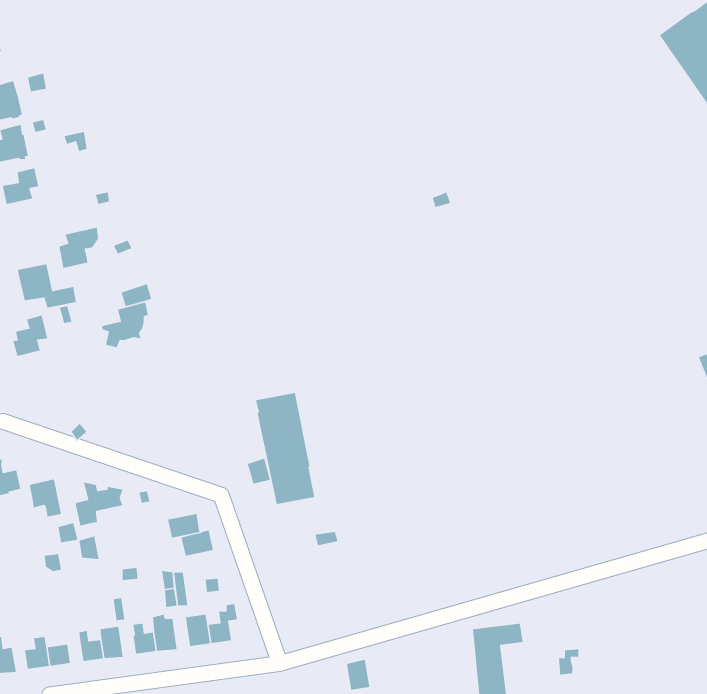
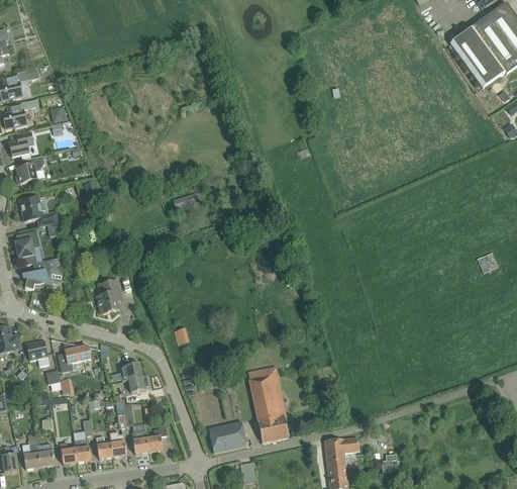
building: [58,227,99,269] -> [16,155,43,183]
building: [101,302,149,348] -> [21,258,54,289]
building: none -> [95,279,121,313]
building: [255,392,315,505] -> [247,366,288,442]
building: none -> [208,420,246,453]

